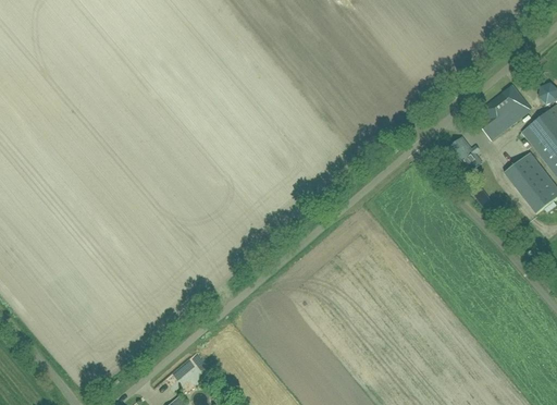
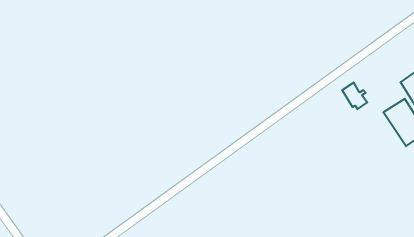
building: [480,85,531,140] -> none

